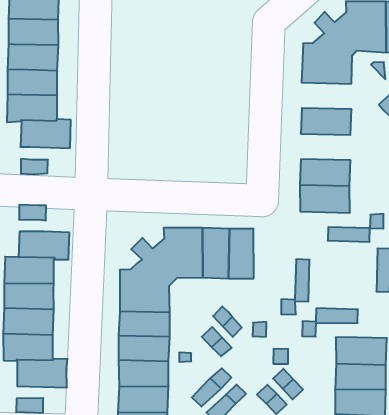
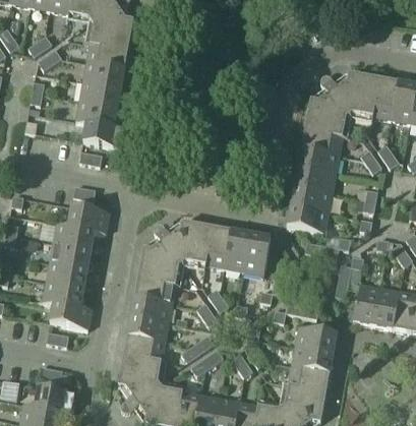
building: none -> [301,128,342,155]
building: none -> [294,167,335,193]
building: none -> [243,233,270,275]

